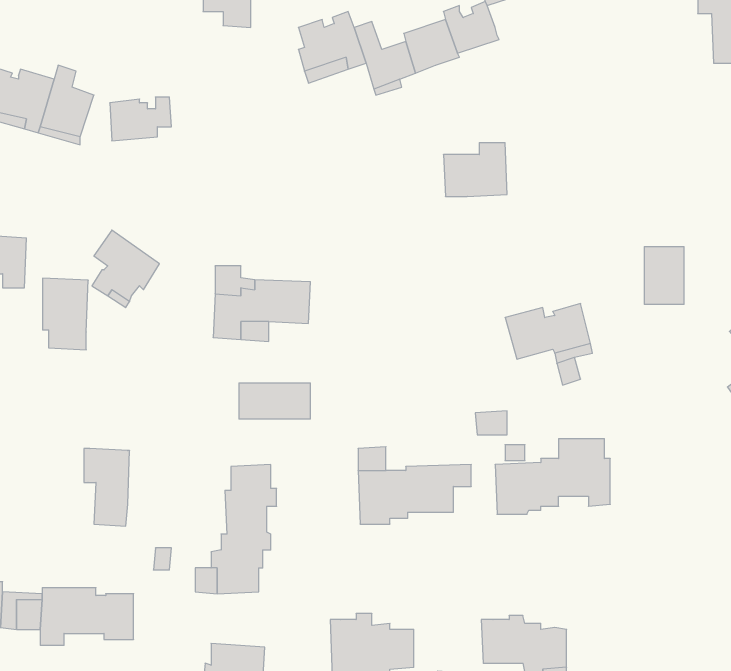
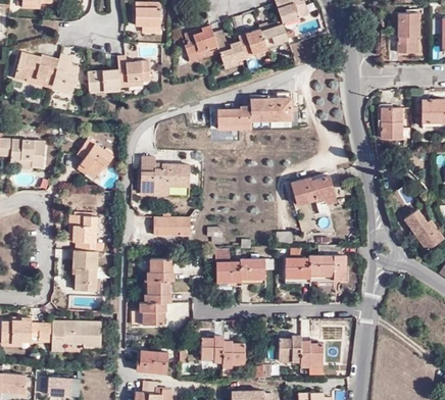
building: none -> [117,56,150,87]
building: none -> [217,99,260,127]
building: [644,247,684,304] -> [381,108,401,138]
building: [43,278,88,350] -> [75,214,98,251]

